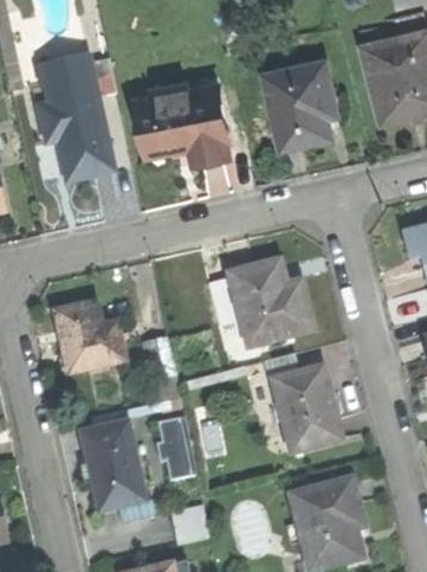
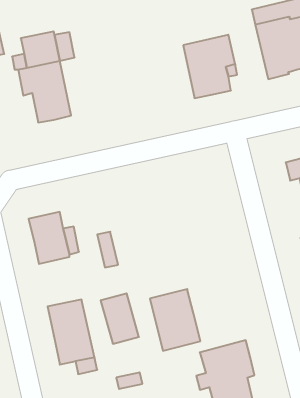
building: [137,77,231,161] -> none
building: [229,261,312,346] -> none
building: [271,366,339,450] -> [150,289,200,351]

